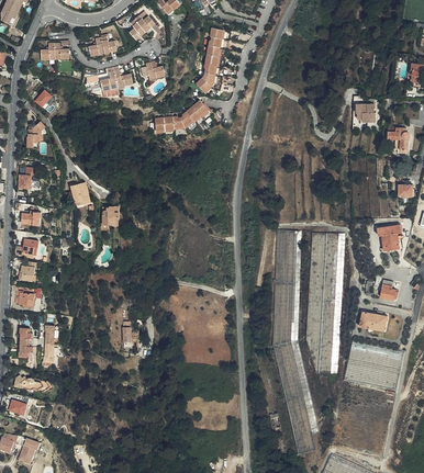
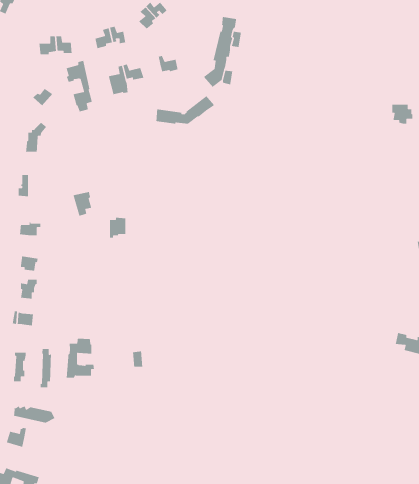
building: none -> [66,60,93,112]
building: none -> [66,338,95,378]

